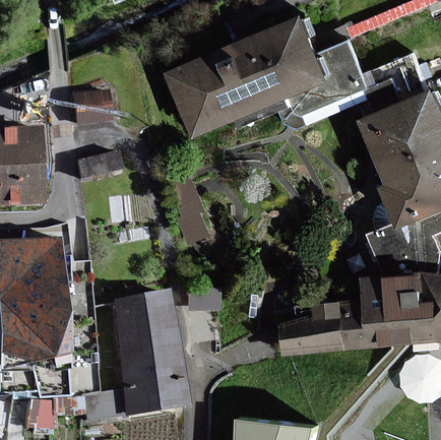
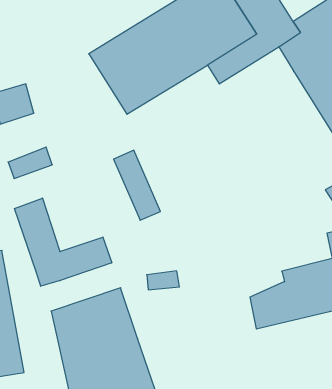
building: none -> [15,198,112,286]

